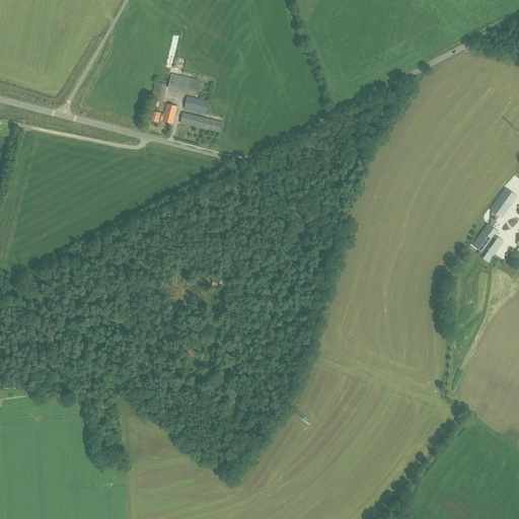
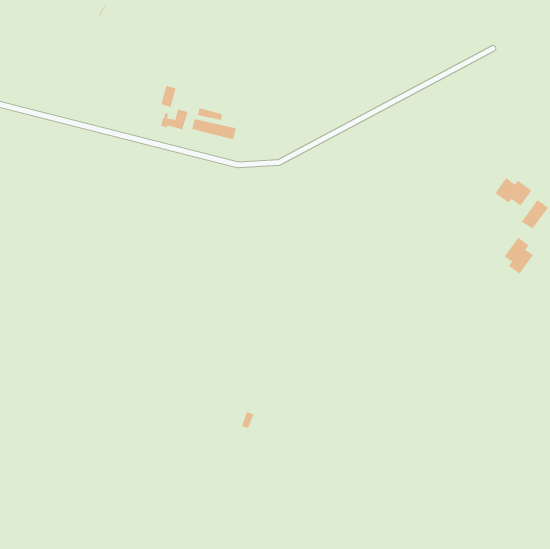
building: [169,72,202,94] -> none
building: none -> [495,177,532,206]

